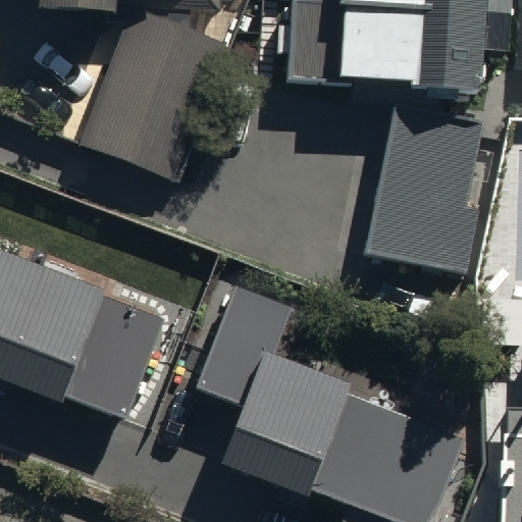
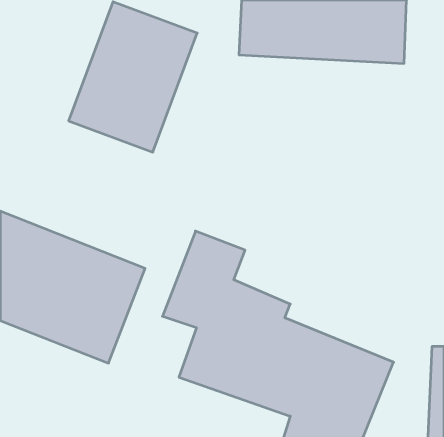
building: [365,104,486,272] -> none

